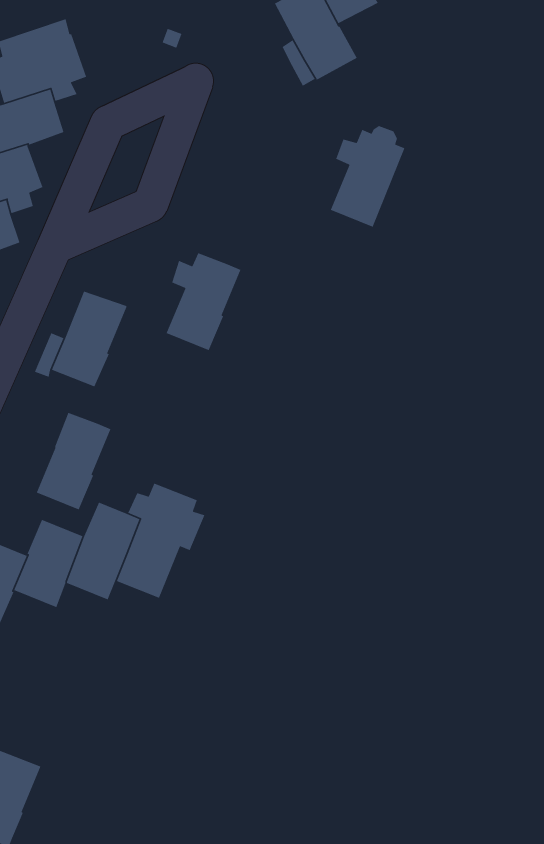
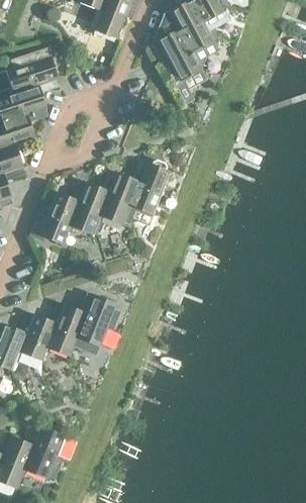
building: [329,125,406,228] -> [130,161,171,215]
building: [35,412,112,511] -> [70,183,110,235]
building: none -> [24,426,65,480]

